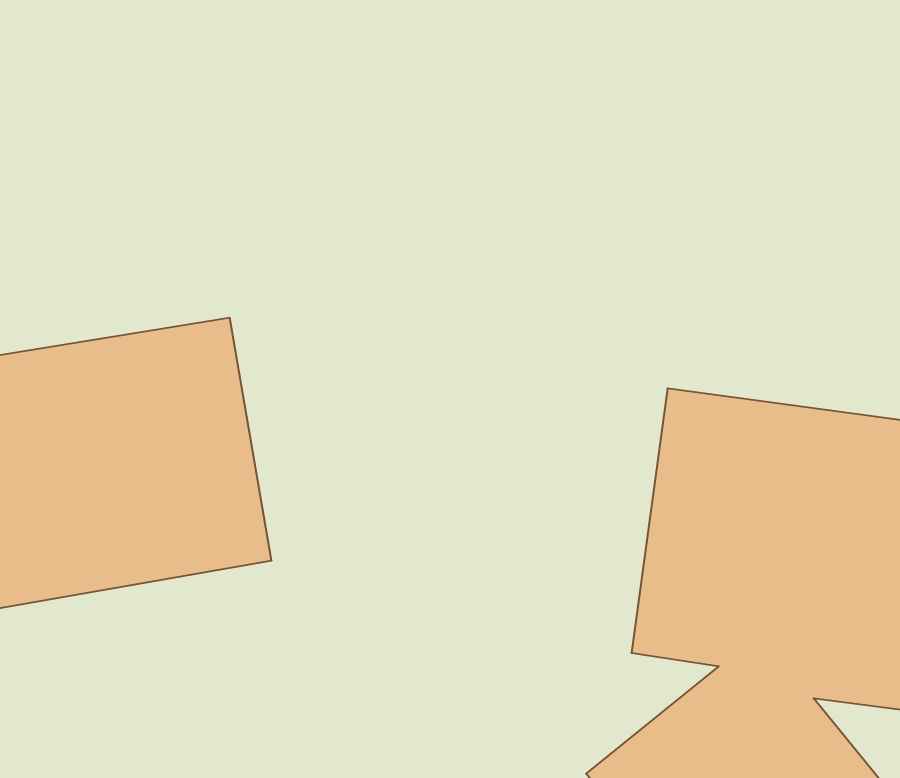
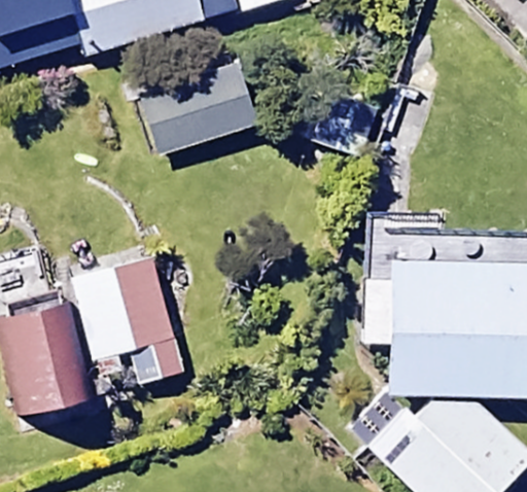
building: none -> [134,70,256,156]

